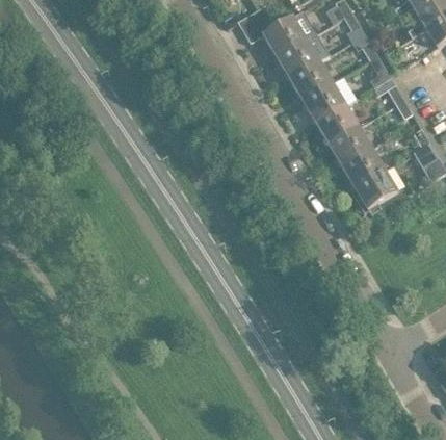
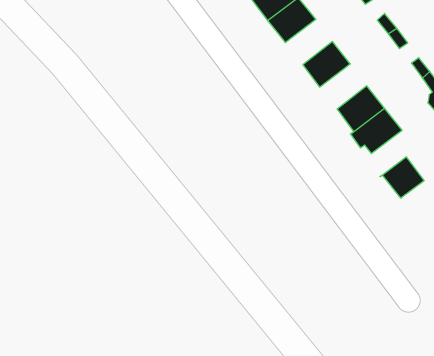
building: [303,81,345,121] -> none
building: [329,125,371,164] -> none
building: none -> [380,157,424,198]

